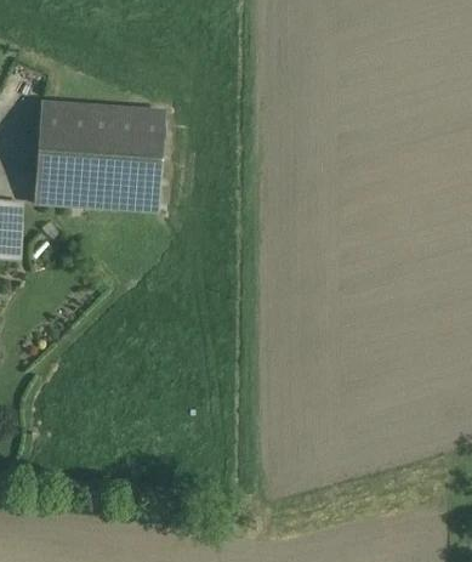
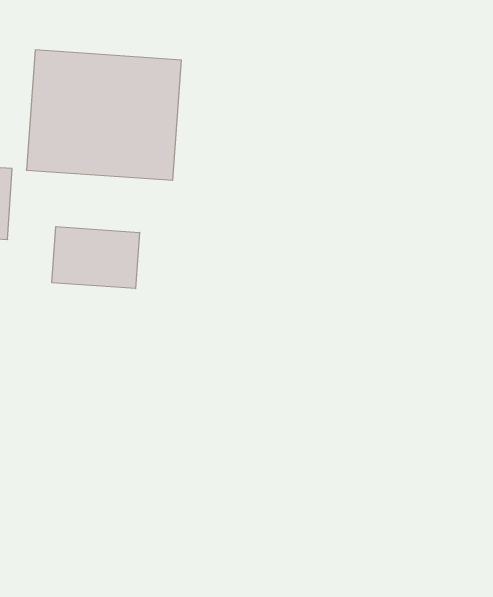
building: none -> [52,227,140,289]

